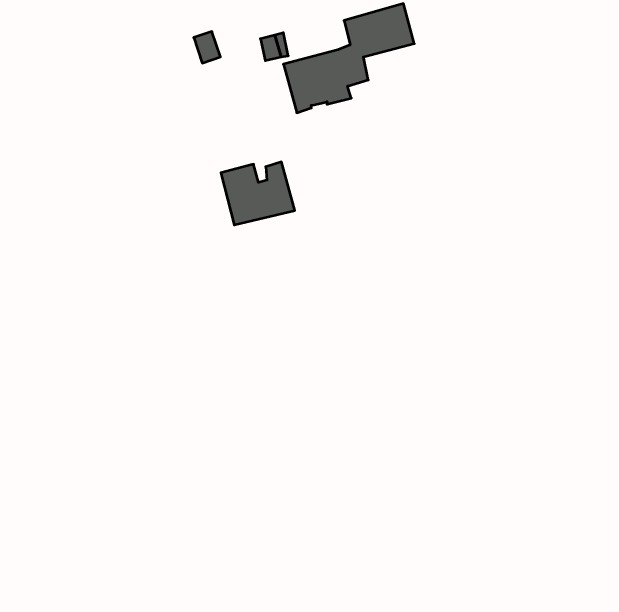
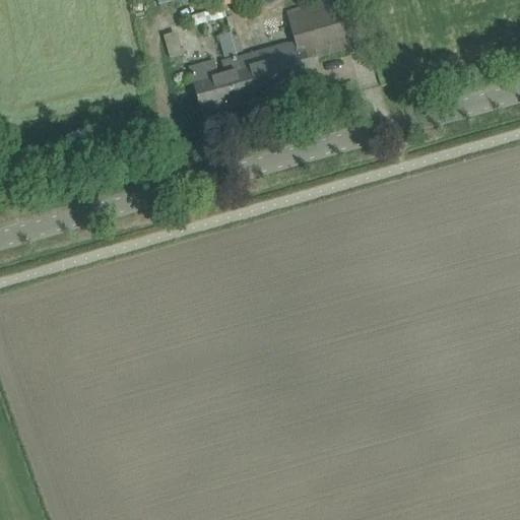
building: [221,162,295,225] -> [187,54,249,107]

